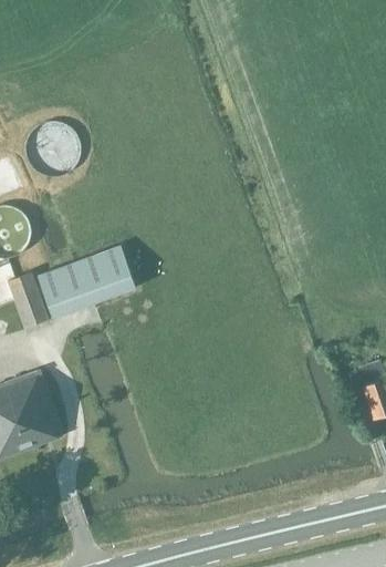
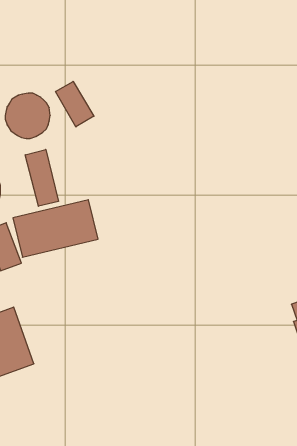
building: none -> [56,81,94,127]
building: none -> [25,149,58,206]

